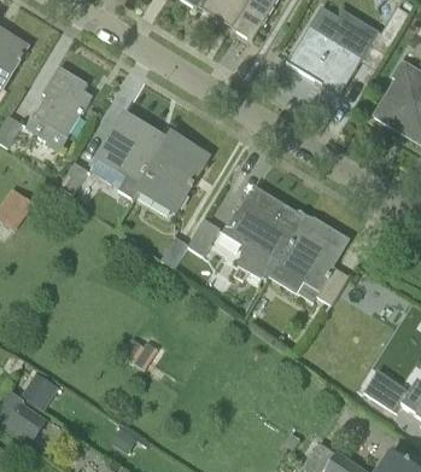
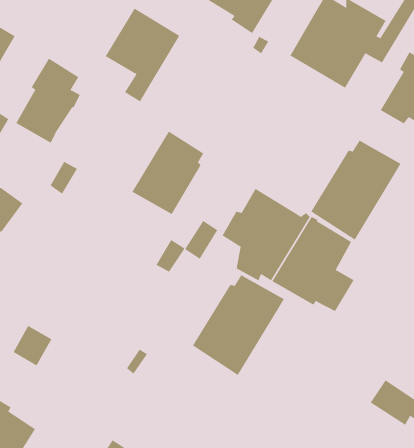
building: [98,112,169,202] -> [105,8,180,102]
building: none -> [311,140,401,241]
building: none -> [192,274,285,376]
building: [23,368,60,407] -> [13,325,52,366]

